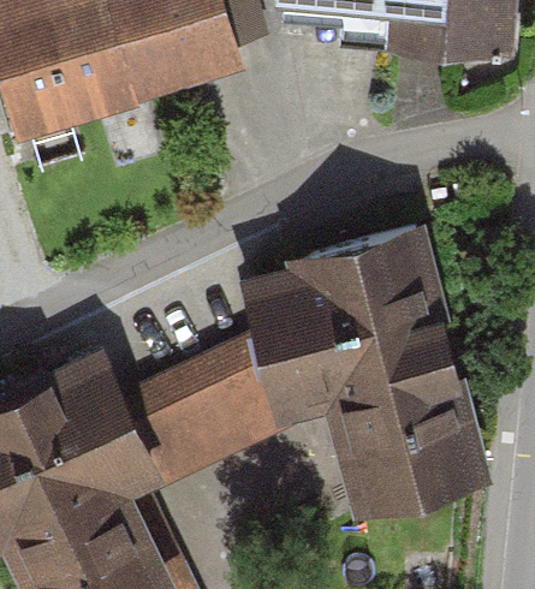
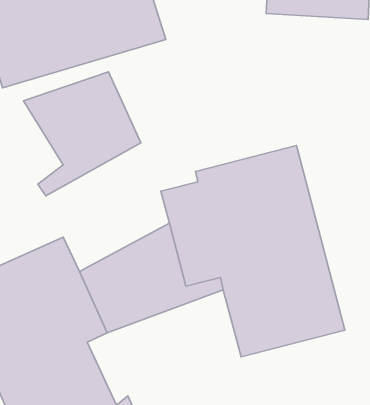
building: none -> [24,72,141,196]

